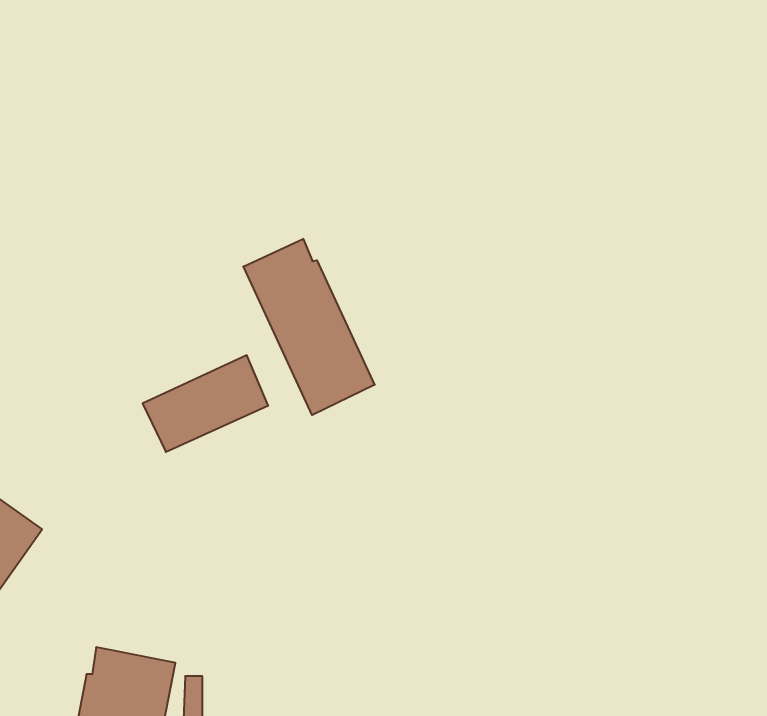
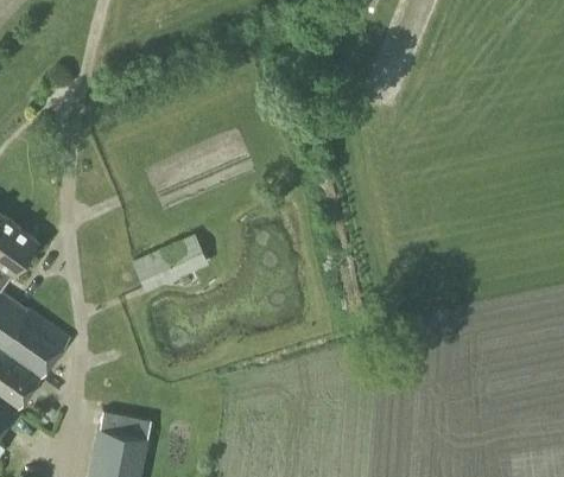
building: [243,239,375,415] -> none

